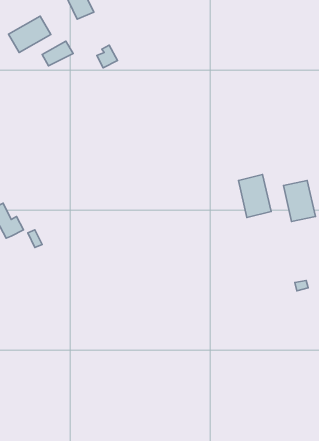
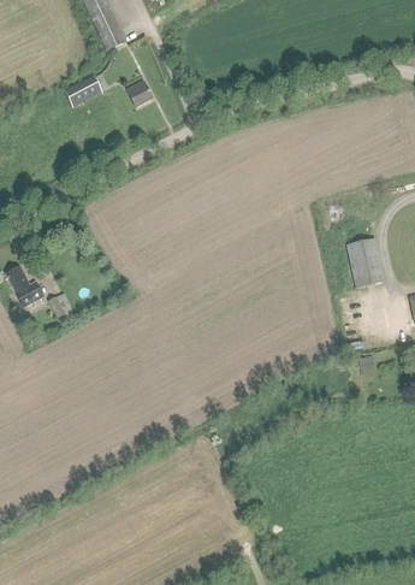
building: [9,16,51,52] -> none
building: [238,175,271,217] -> none

